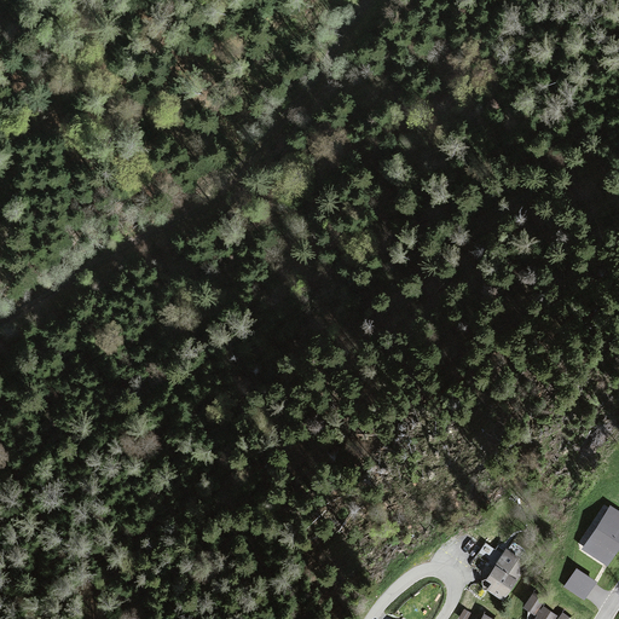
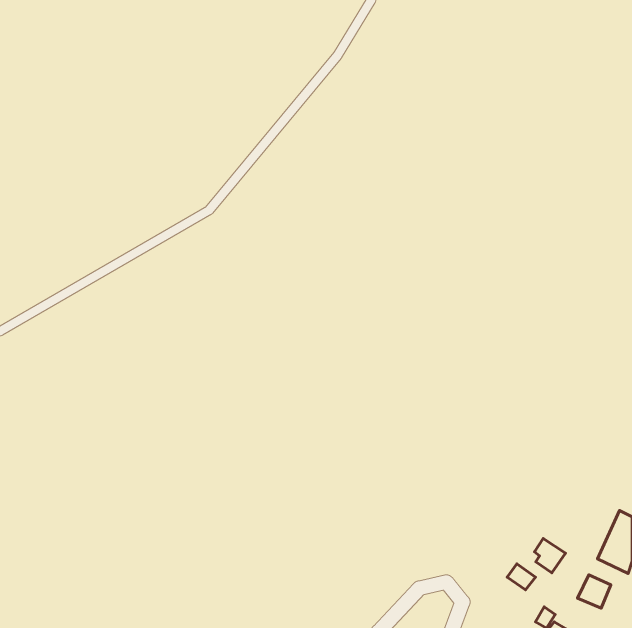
building: [485,569,515,603] -> [534,538,565,573]

